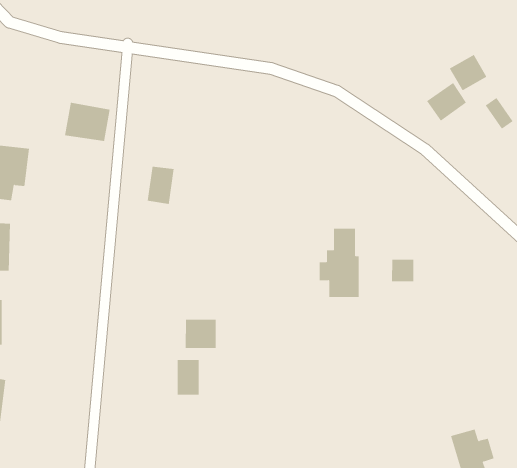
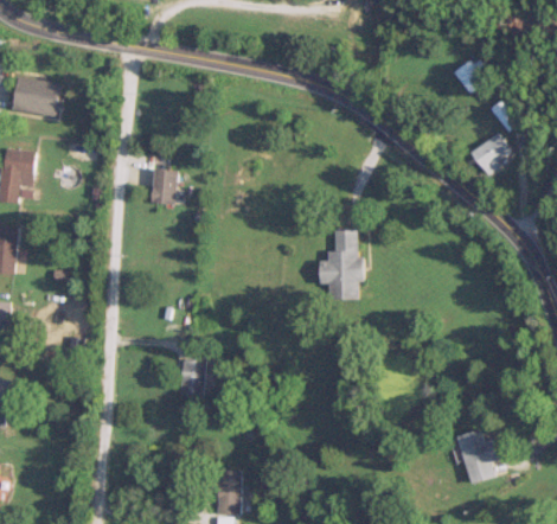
building: [426,82,467,122] -> [467,134,507,173]
building: [64,102,111,142] -> [15,77,62,116]
building: [392,259,414,282] -> none
building: [185,319,216,349] -> none

